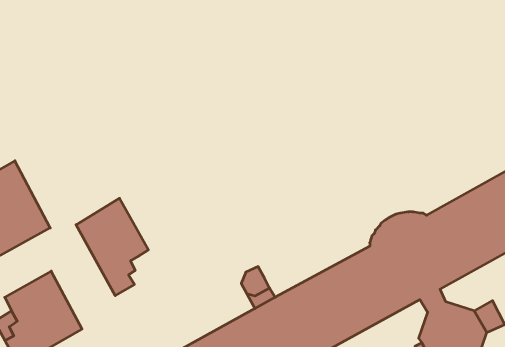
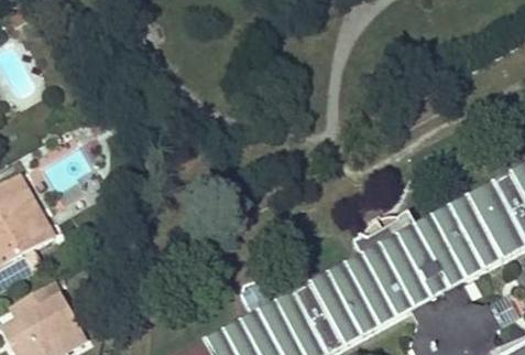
building: [76,198,148,296] -> none

